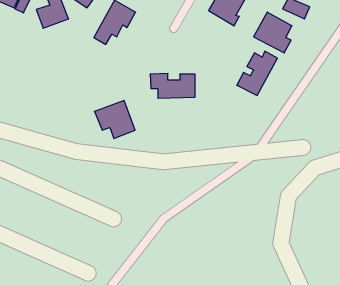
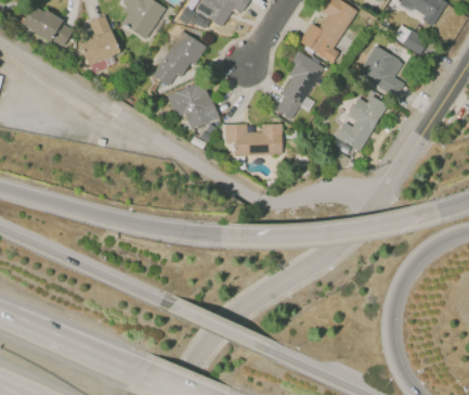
building: none -> [272,51,324,118]
building: [94,100,135,139] -> [166,79,218,128]

